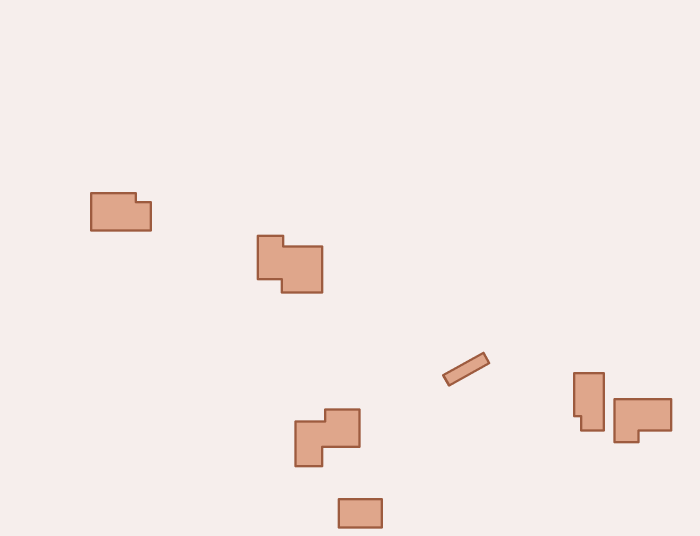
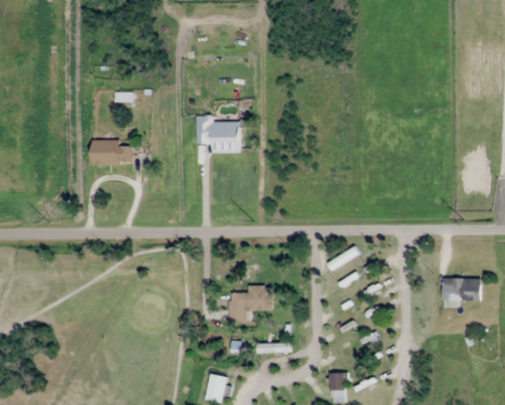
building: [258,236,322,293] -> [197,115,240,153]
building: [574,373,604,431] -> none

